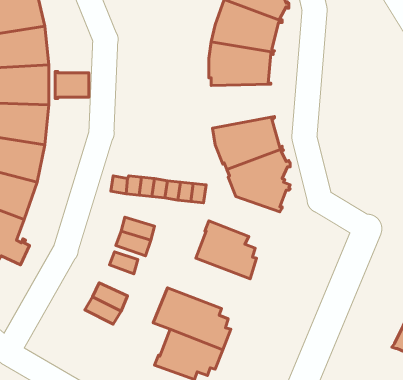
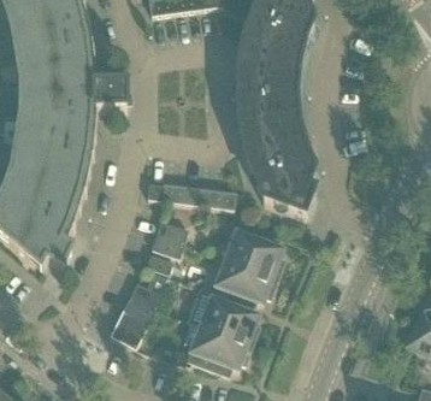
building: none -> [238,96,300,137]
building: none -> [213,259,277,306]
building: none -> [110,307,149,347]

